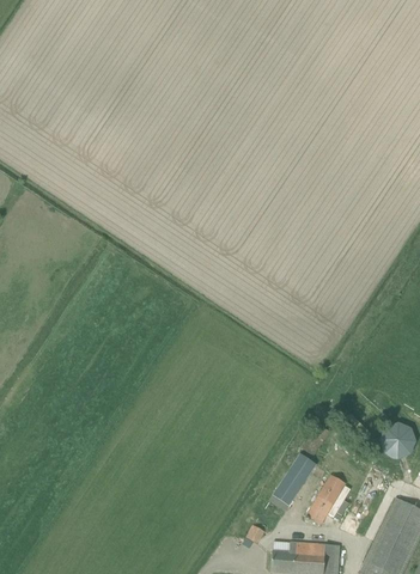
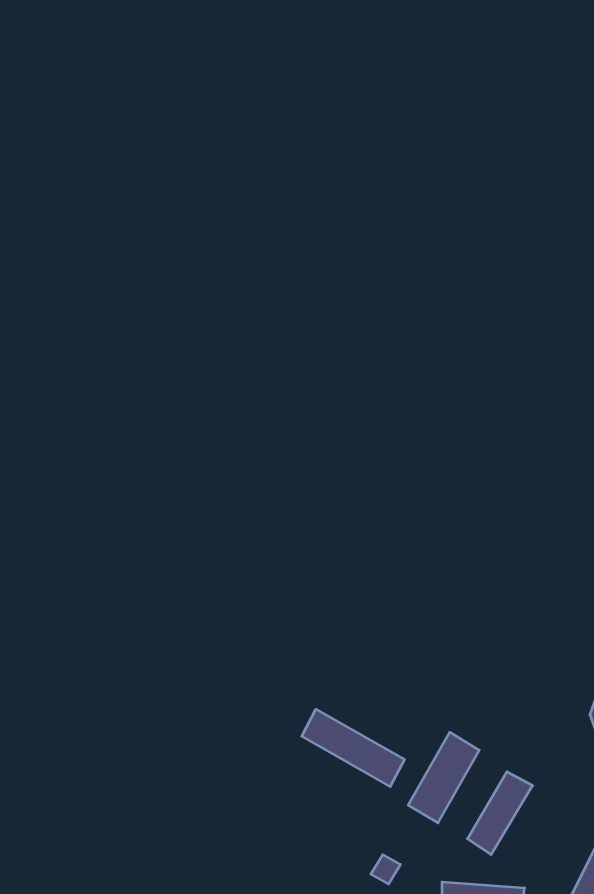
building: none -> [302,709,404,787]

